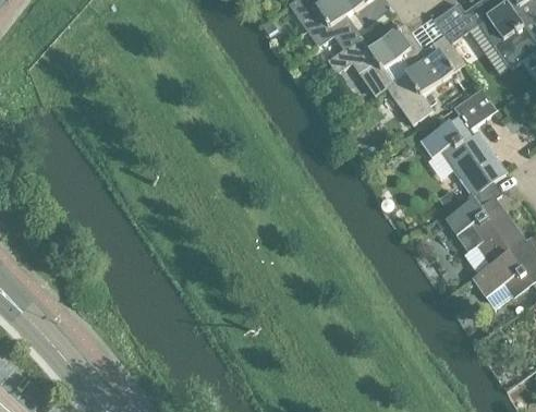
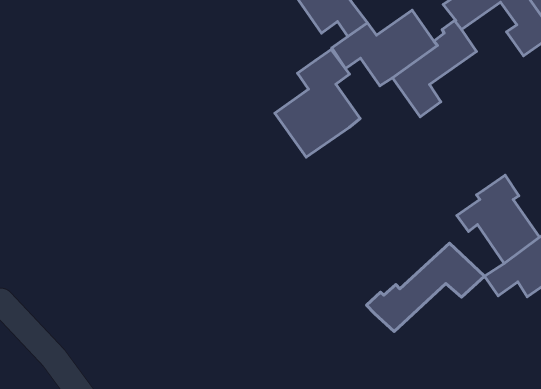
building: none -> [275,49,360,157]
building: [421,86,505,194] -> none
building: none -> [366,243,485,331]

